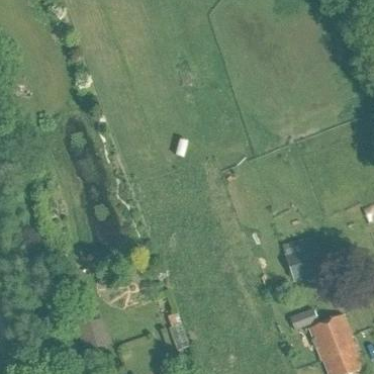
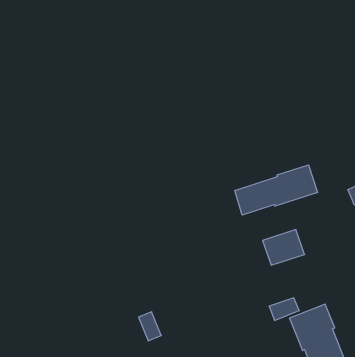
building: none -> [235,165,318,215]

